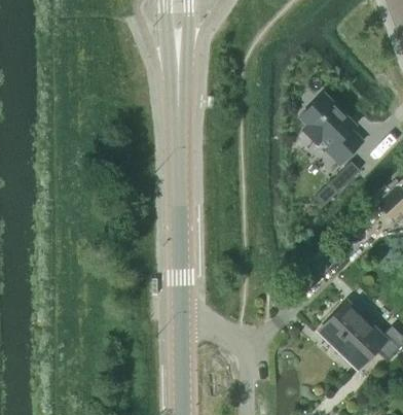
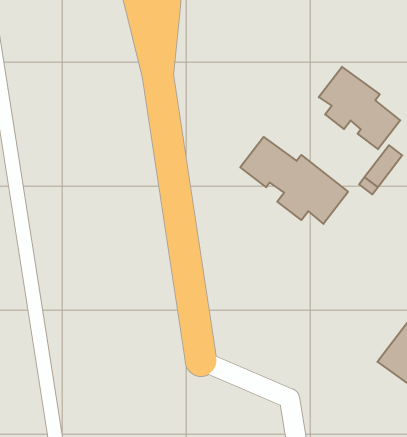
building: none -> [240,137,348,224]

